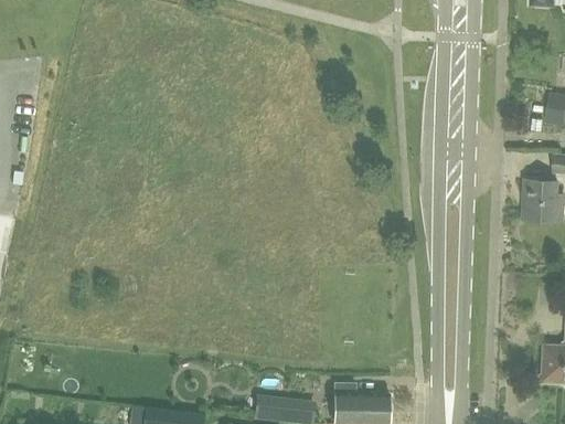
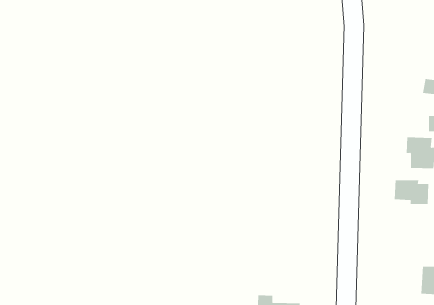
building: none -> [394,180,429,205]

